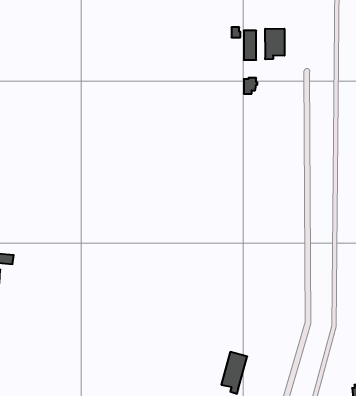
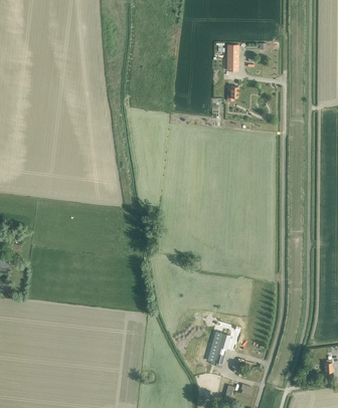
building: [265,29,284,59] -> none

